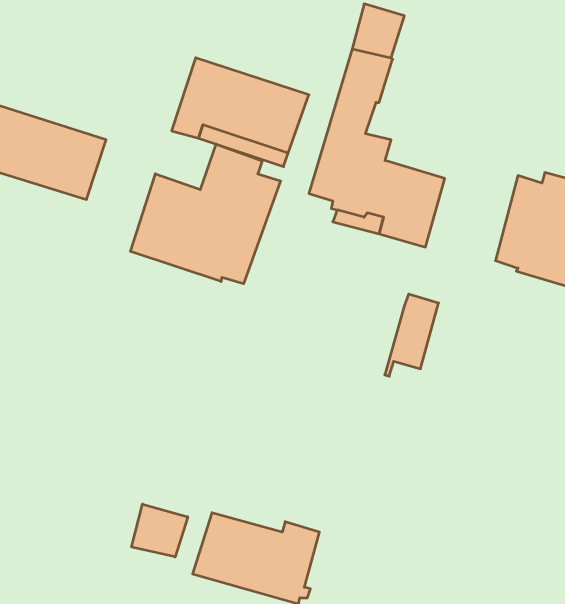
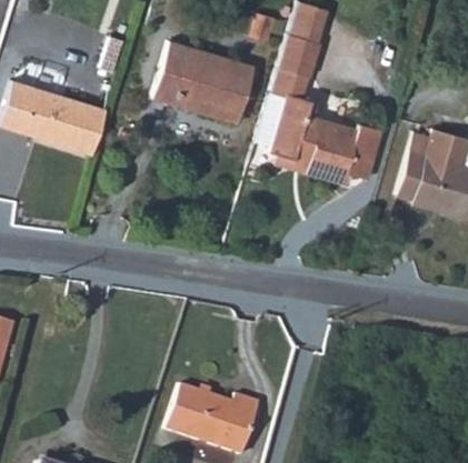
building: [130,144,281,284] -> none
building: [385,294,439,376] -> [342,125,382,187]
building: [132,504,188,557] -> none

